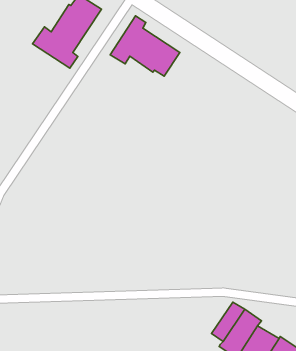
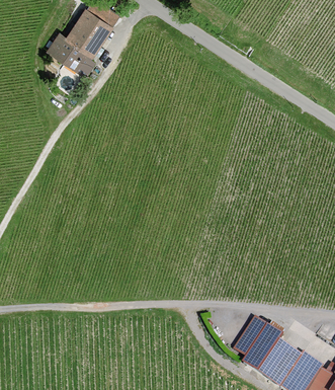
building: [110,16,180,76] -> none

